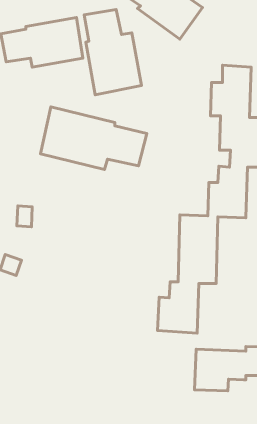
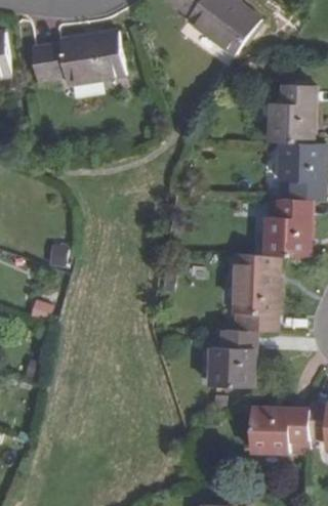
building: [84,10,141,95] -> none
building: [41,107,147,169] -> none

